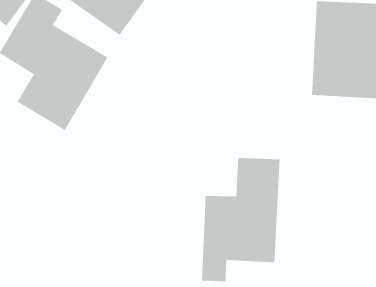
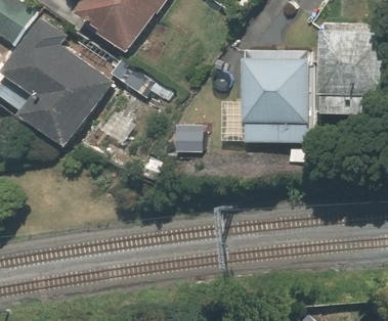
building: none -> [219,52,313,143]
building: [201,157,280,282] -> none

